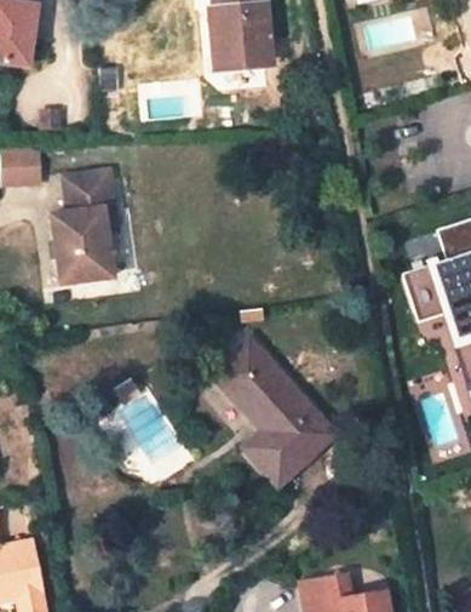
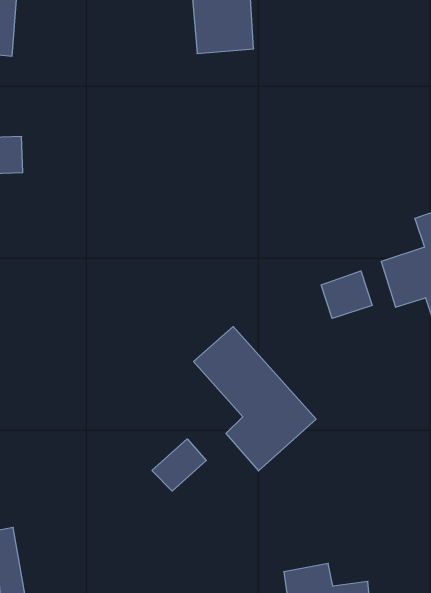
building: [51,172,117,285] -> none
building: none -> [321,271,372,318]
building: none -> [152,439,206,491]

